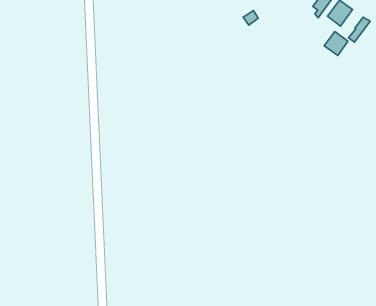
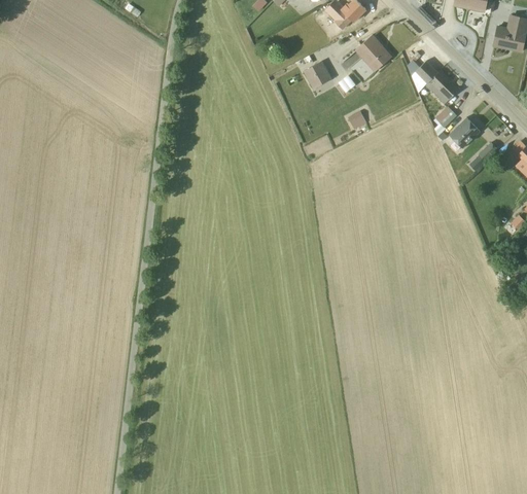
building: [324,32,348,55] -> none

